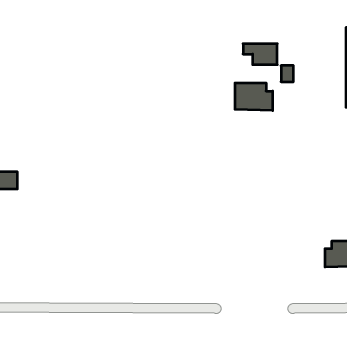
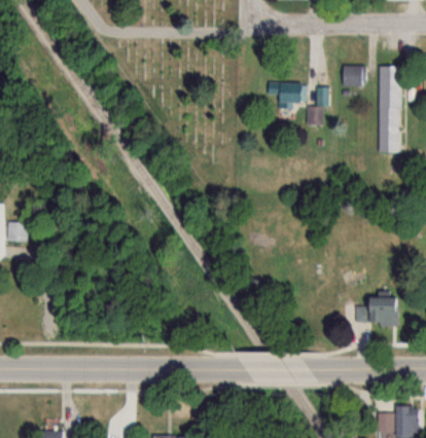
building: none -> [343,66,364,86]
building: [235,83,273,111] -> none

